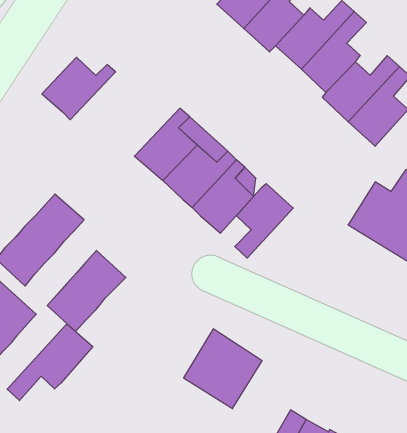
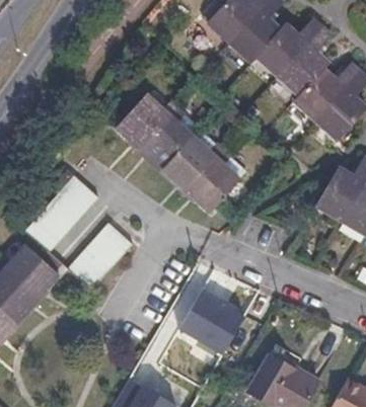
building: [42,57,116,120] -> [116,95,176,147]
building: [235,184,293,258] -> none
building: [7,324,93,401] -> none

